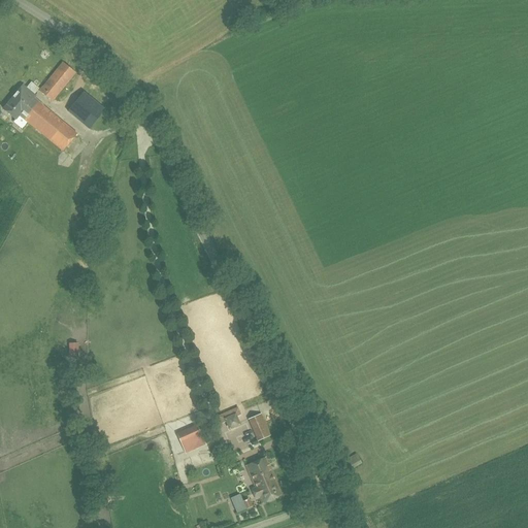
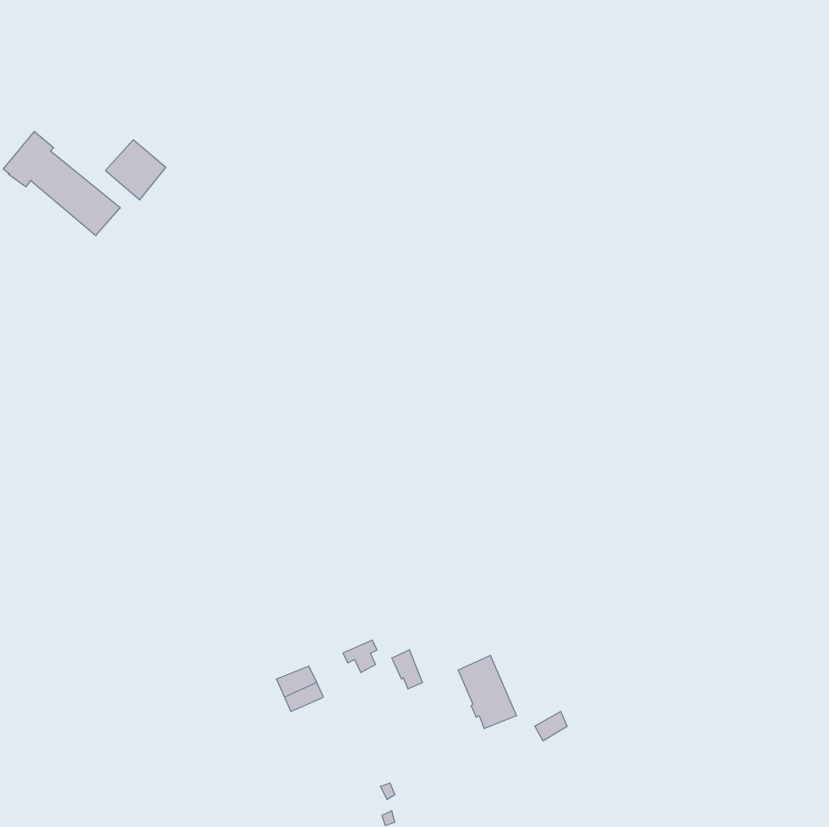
building: [38,60,74,100] -> none
building: [244,455,282,501] -> [458,655,517,729]

